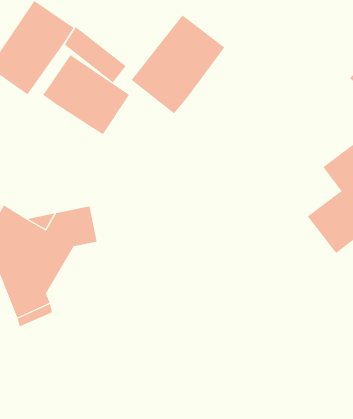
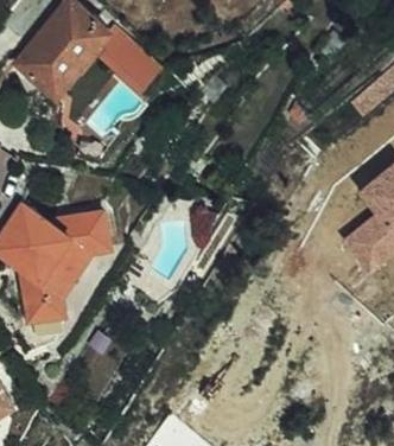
building: [131,14,225,114] -> none
building: [42,54,130,135] -> none

